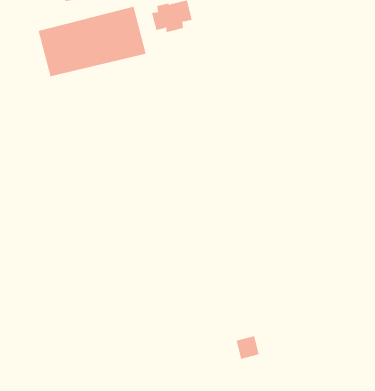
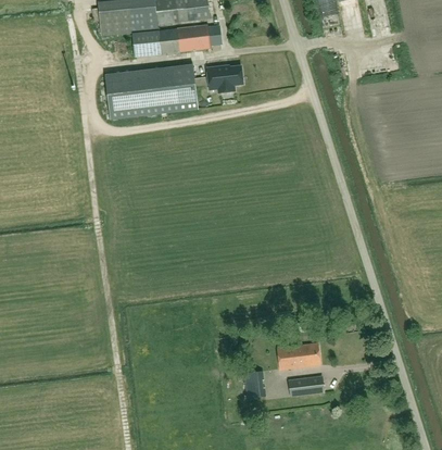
building: none -> [275,341,320,368]
building: none -> [288,376,323,395]

